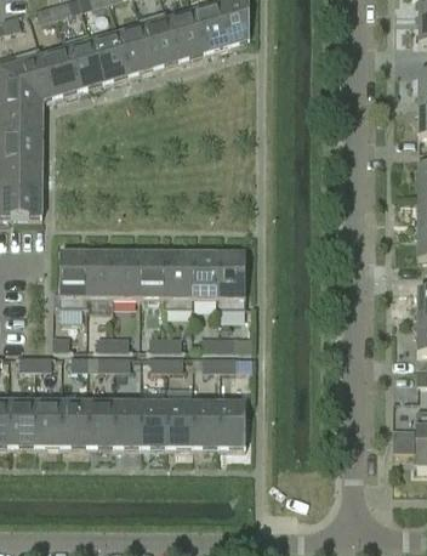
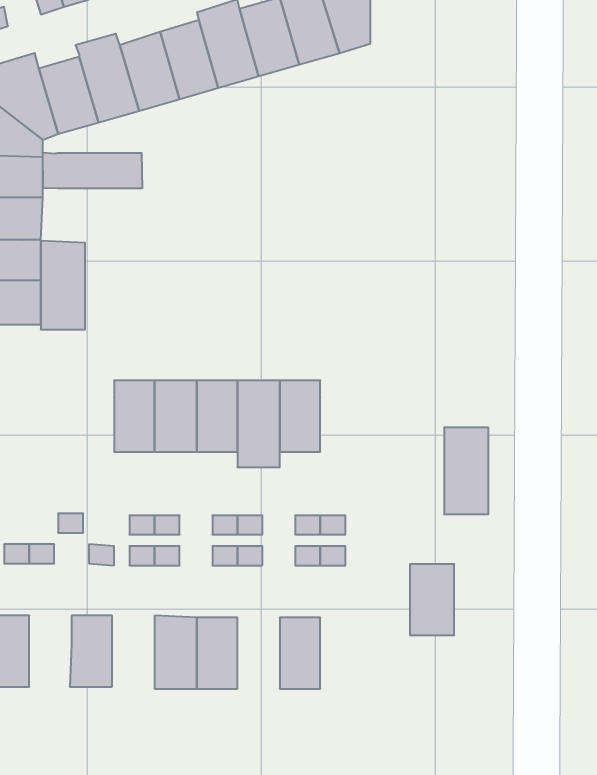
building: none -> [43,153,142,188]
building: [59,251,87,307] -> [41,241,85,329]
building: [217,253,245,307] -> [444,428,488,514]
building: [34,401,61,446] -> none
building: [86,401,113,447] -> none
building: [165,402,192,447] -> none
building: [217,402,245,447] -> [410,564,454,635]

